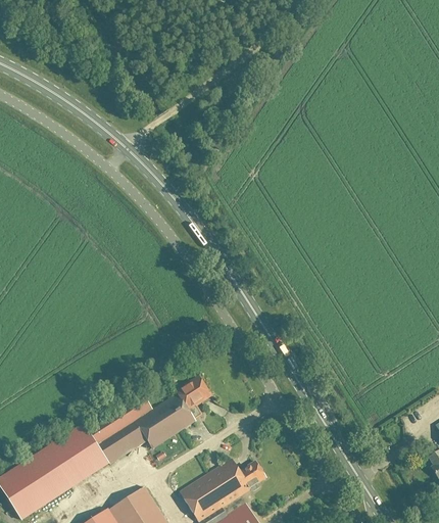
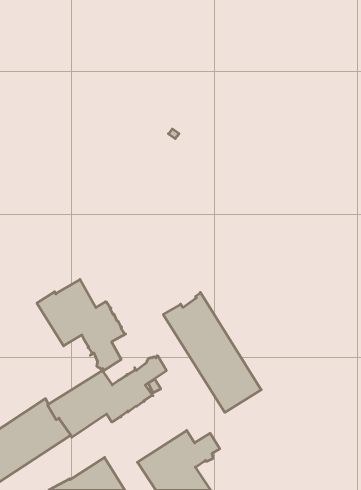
building: none -> [37,279,126,371]
building: none -> [163,292,261,412]

